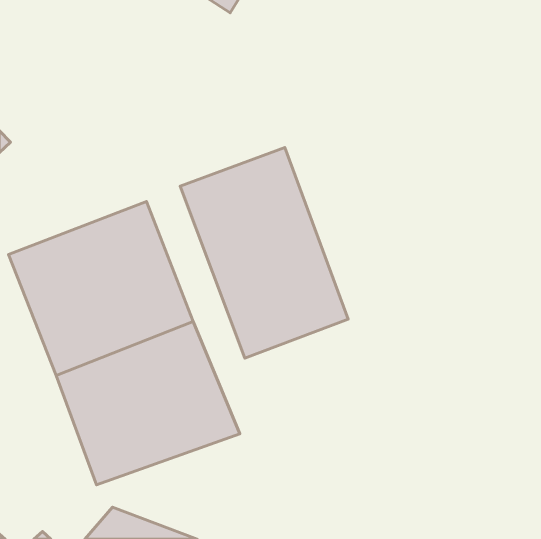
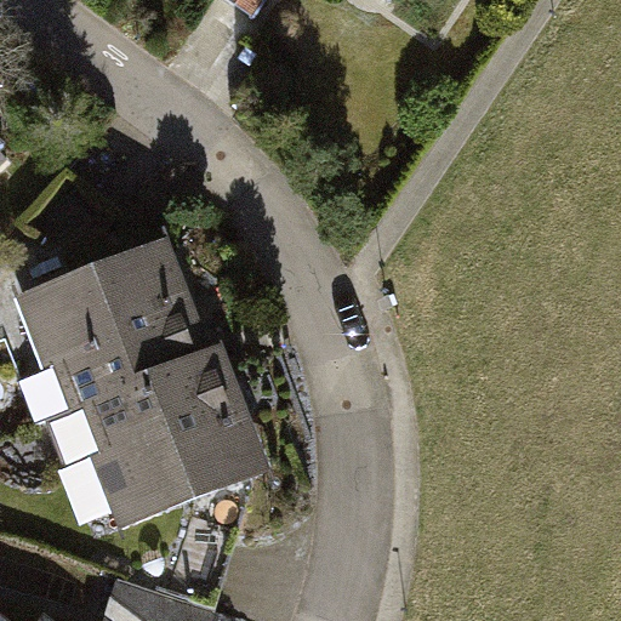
building: [180,147,348,358] -> none

